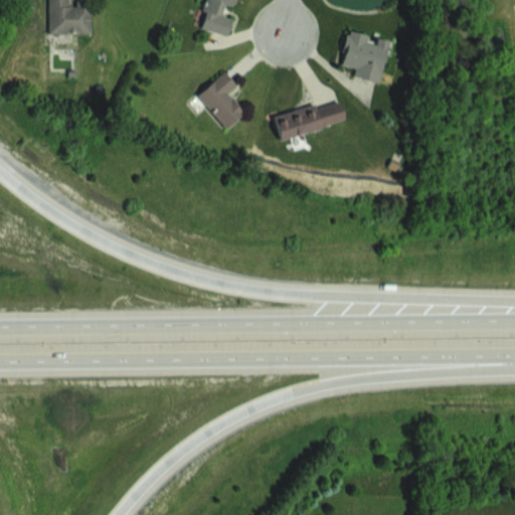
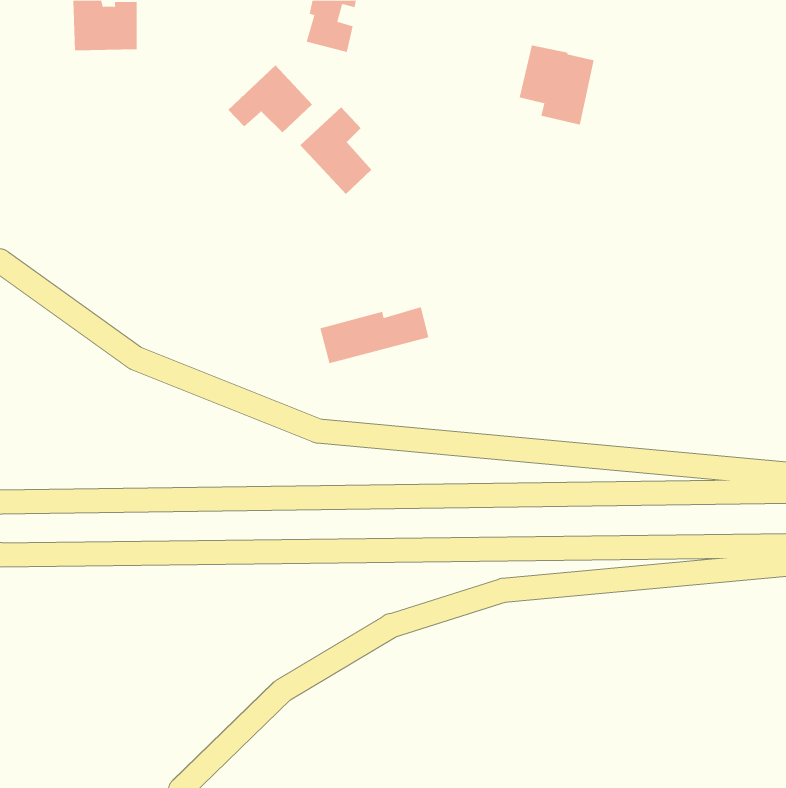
building: none -> [228,65,313,133]
building: [274,102,345,139] -> [319,307,429,364]

